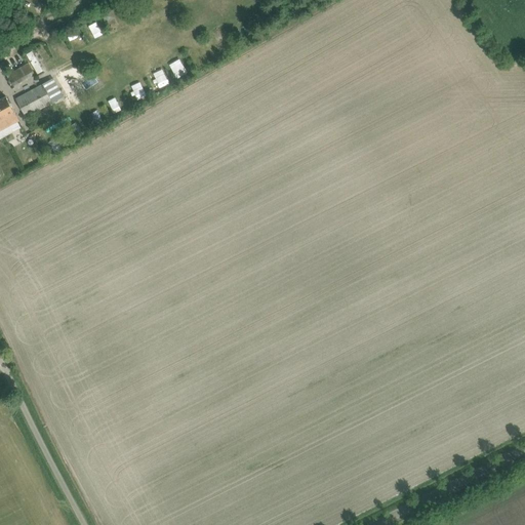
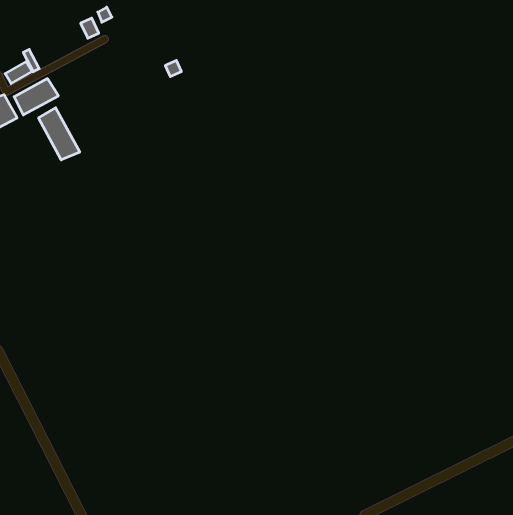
building: none -> [39,108,80,160]

